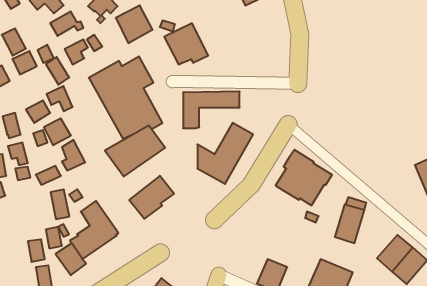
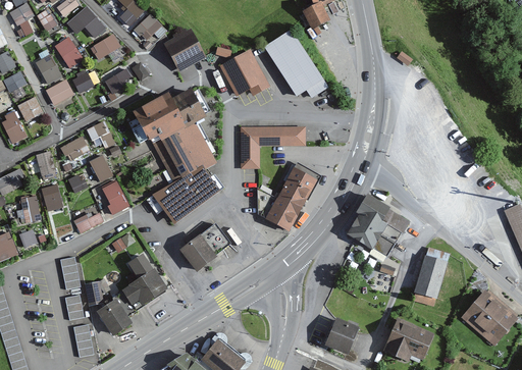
building: none -> [264,29,328,97]
building: [46,57,69,85] -> [56,38,83,69]
building: [51,190,69,219] -> [59,256,81,289]

